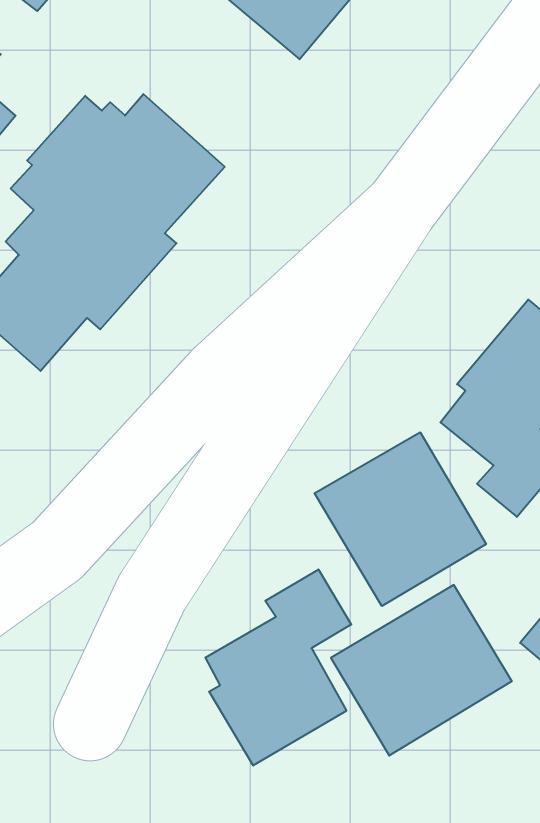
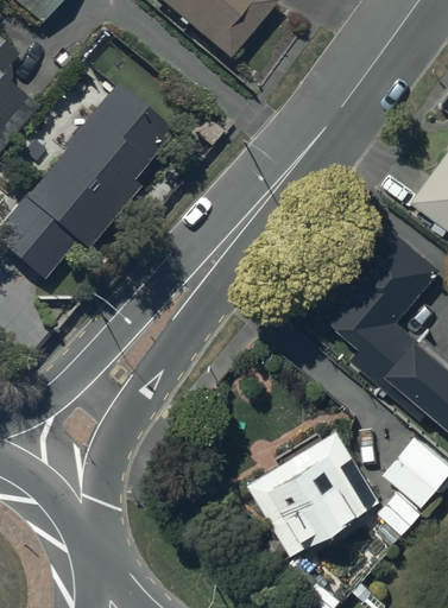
building: [315,432,486,606] -> none
building: [205,569,351,766] -> none

